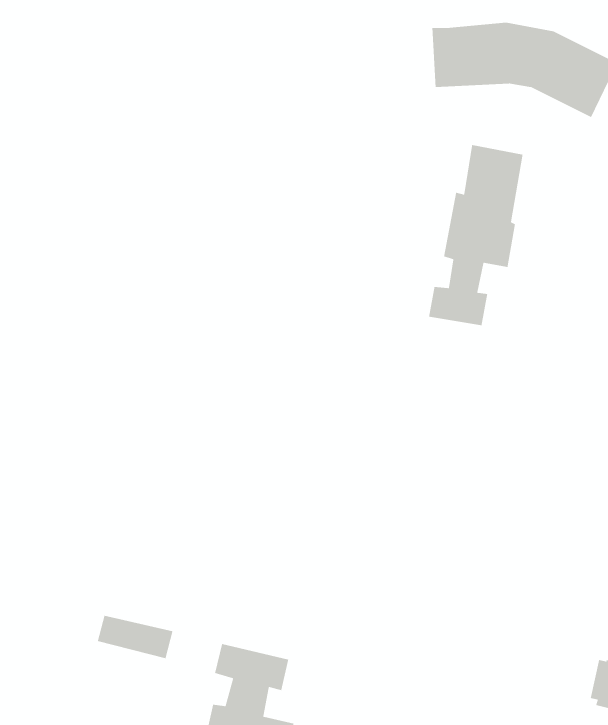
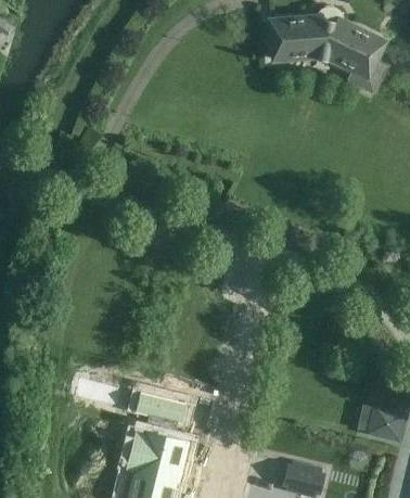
building: [428,144,524,326] -> none

